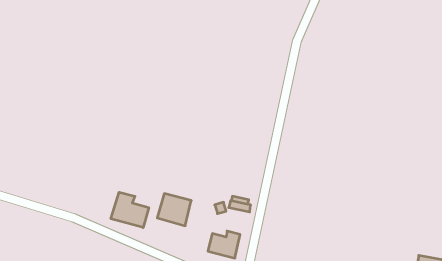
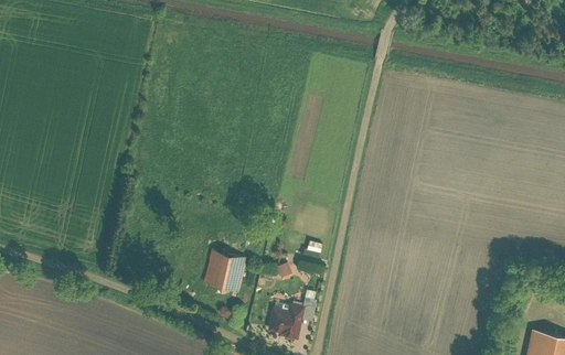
building: [111,192,149,228] -> none

